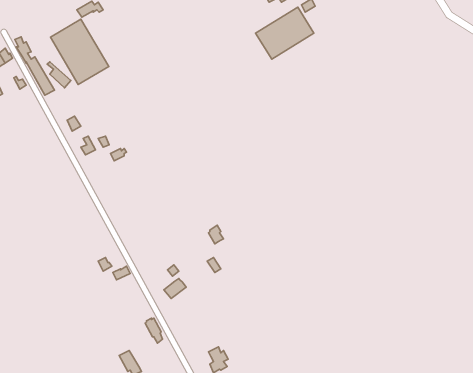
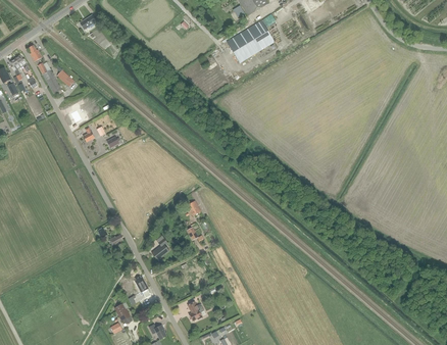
building: [50,19,109,84] -> none

